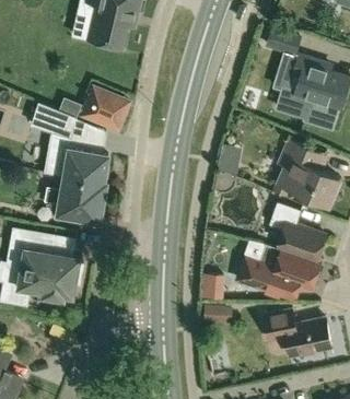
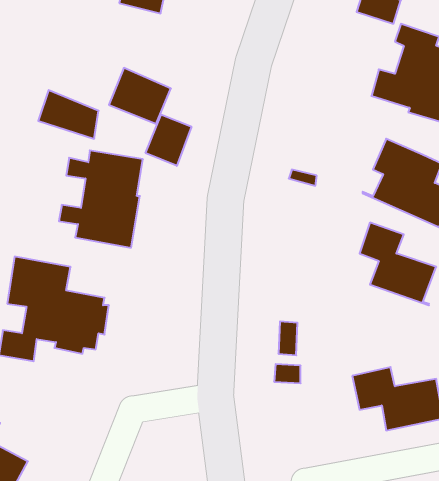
building: none -> [146,115,191,166]
building: [236,243,319,300] -> none

